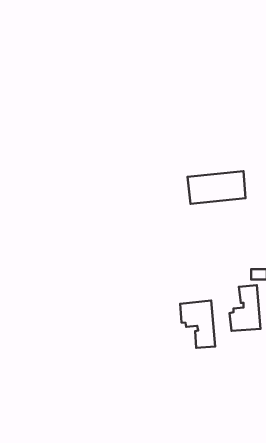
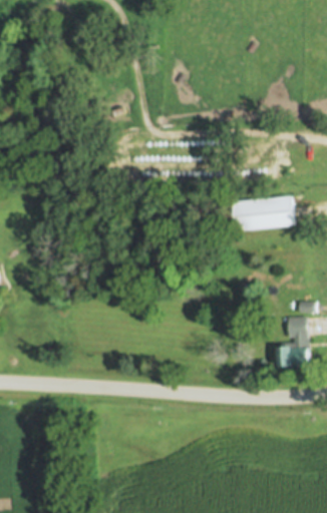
building: [180,301,215,348] -> none

